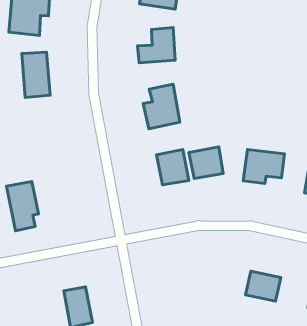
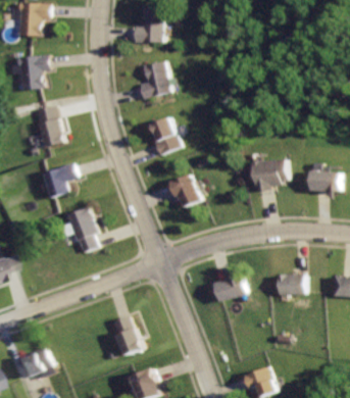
building: none -> [42,161,80,199]
building: [189,147,223,178] -> none
building: [7,182,38,231] -> [66,205,100,253]
building: none -> [210,272,249,305]

